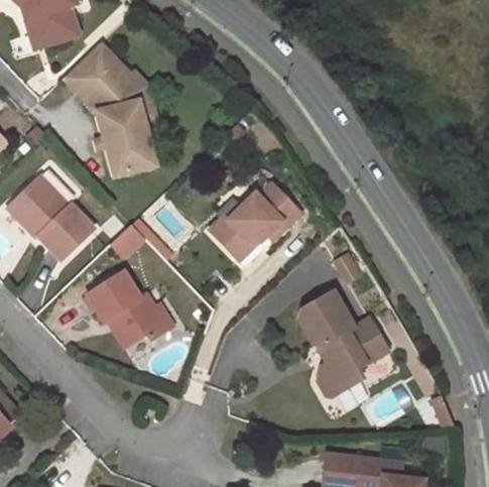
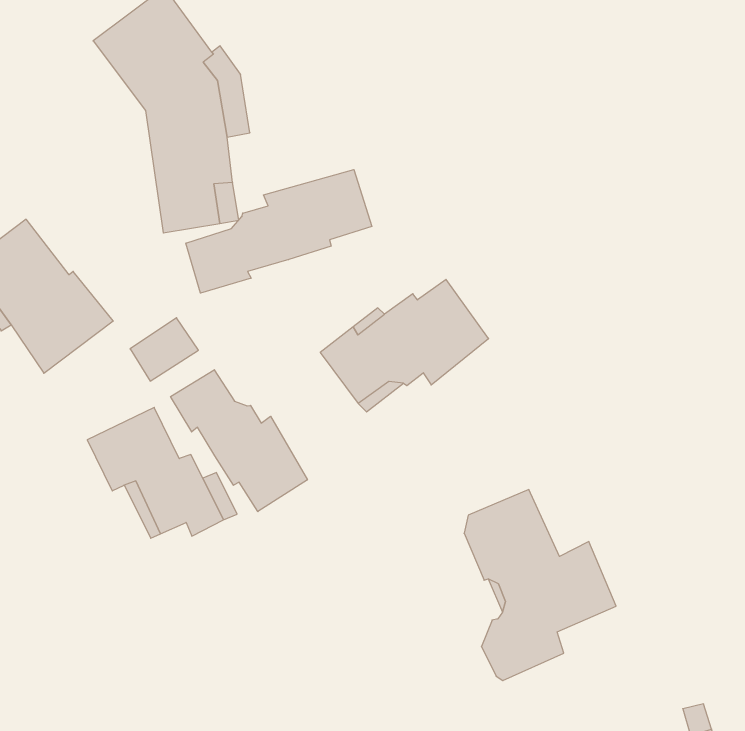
building: none -> [186,170,372,293]
building: none -> [171,370,307,512]

